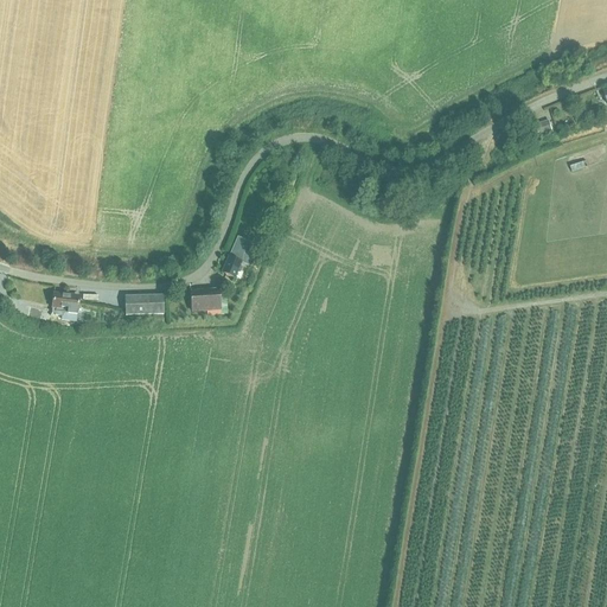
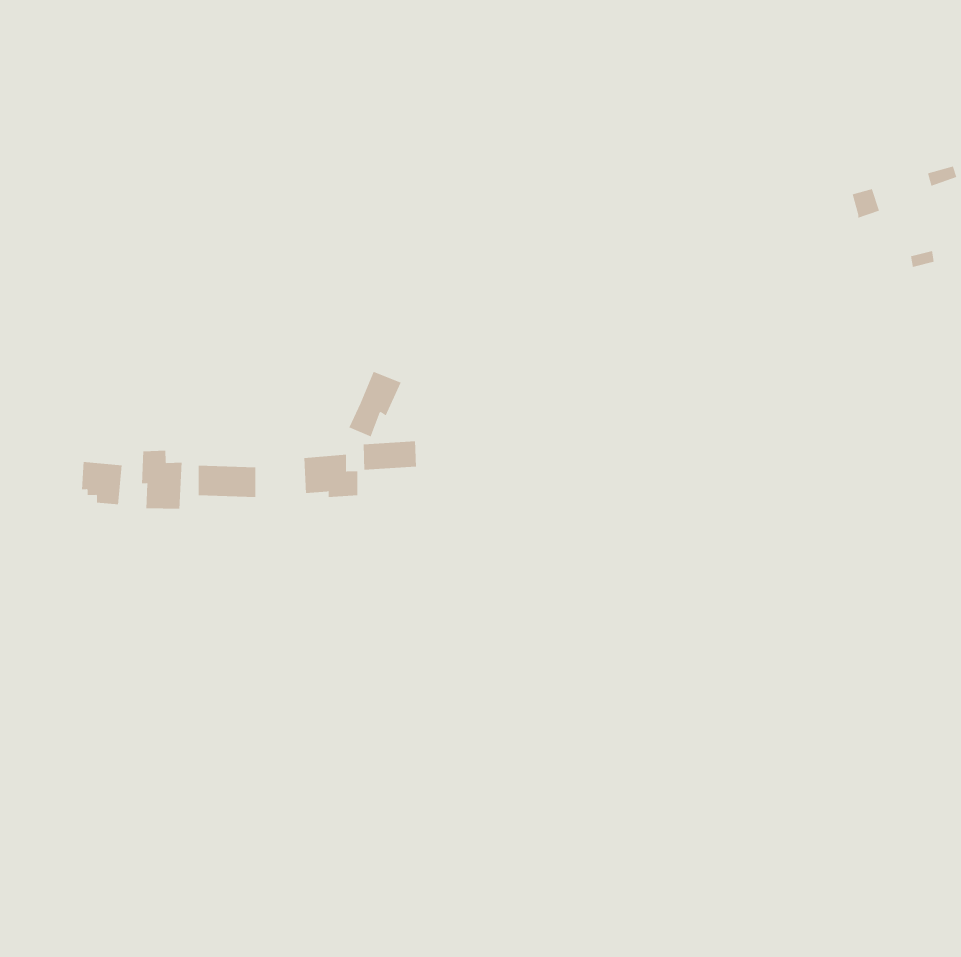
building: none -> [363,440,416,470]
building: none -> [142,450,182,510]

